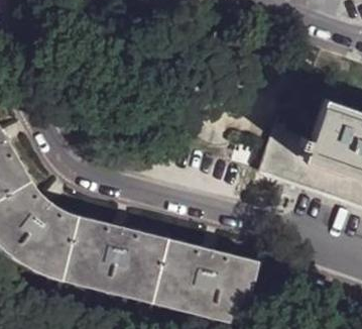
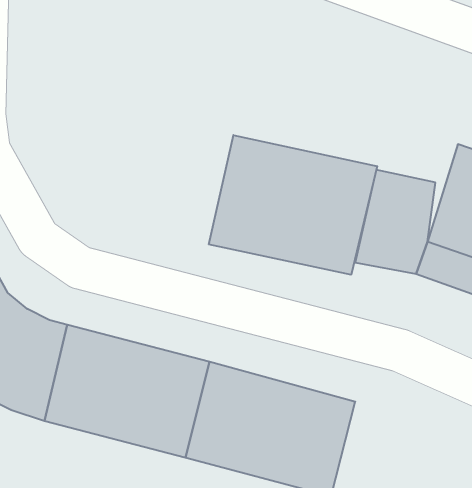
building: none -> [209,135,377,275]

